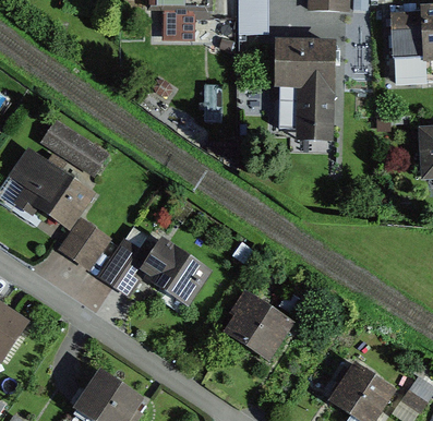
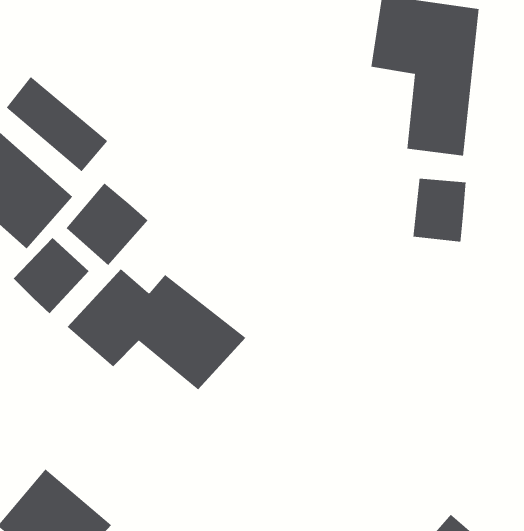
building: none -> [413,178,466,242]
building: none -> [66,183,149,266]
building: [221,290,294,361] -> none

